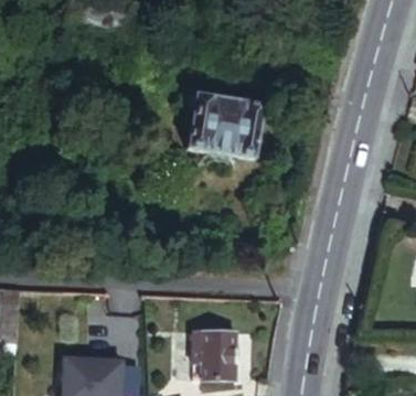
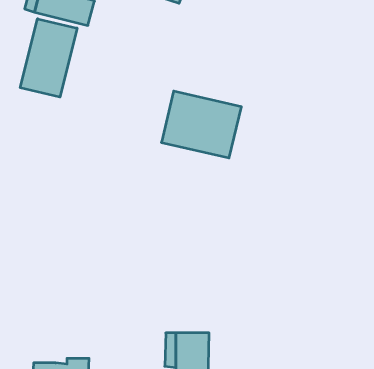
building: none -> [20,19,77,97]

